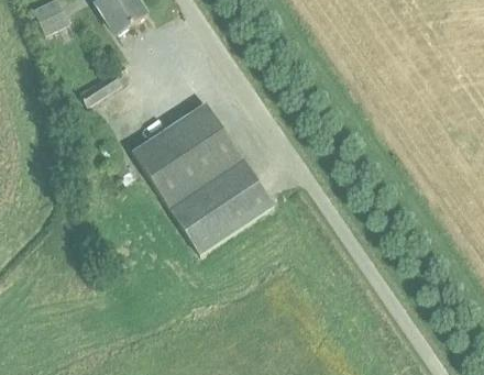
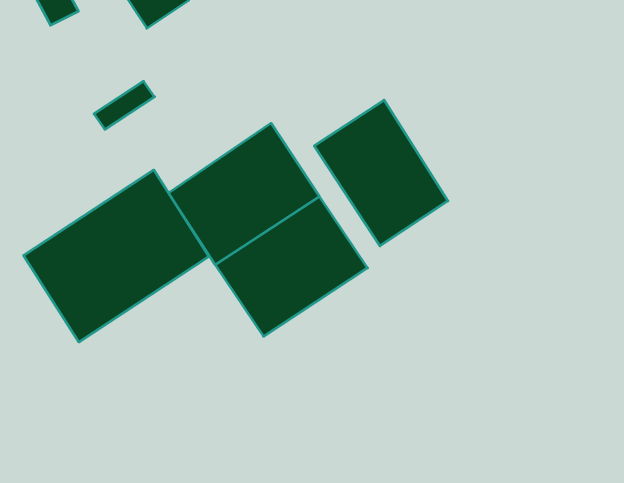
building: none -> [314,100,448,246]
building: none -> [24,170,209,342]

